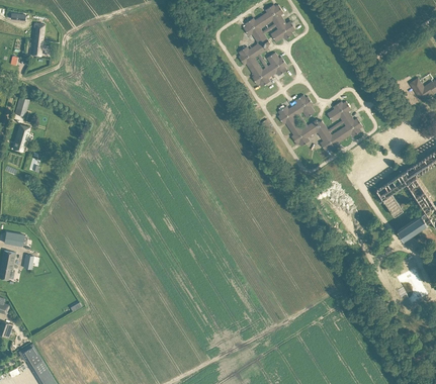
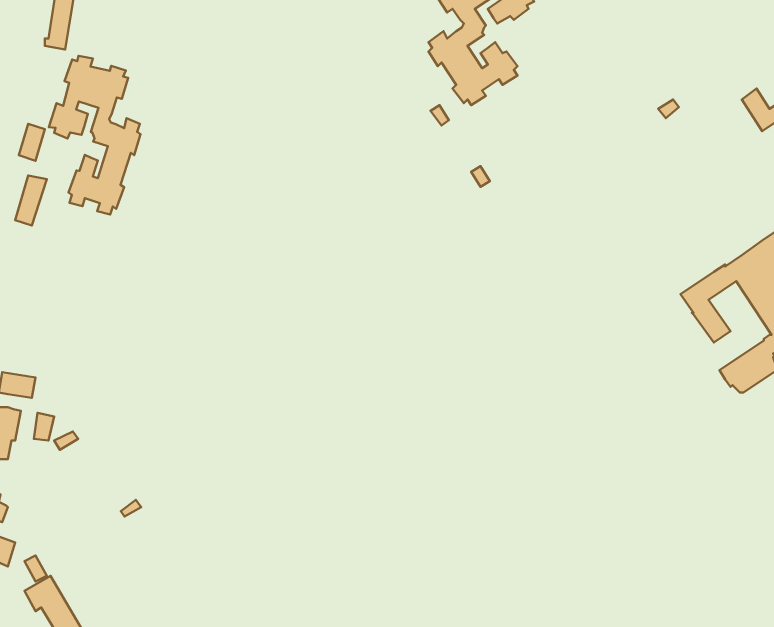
building: none -> [49,56,141,215]
building: [277,95,362,152] -> none

